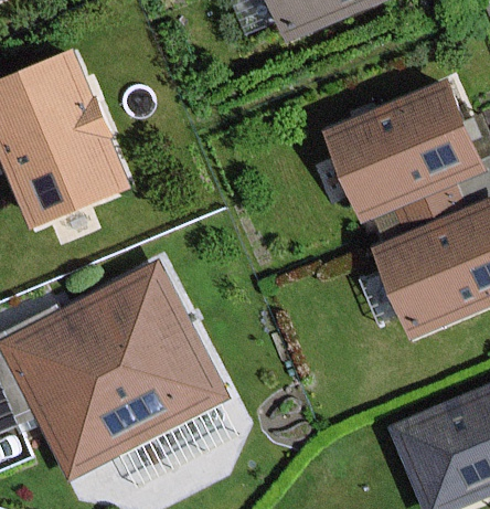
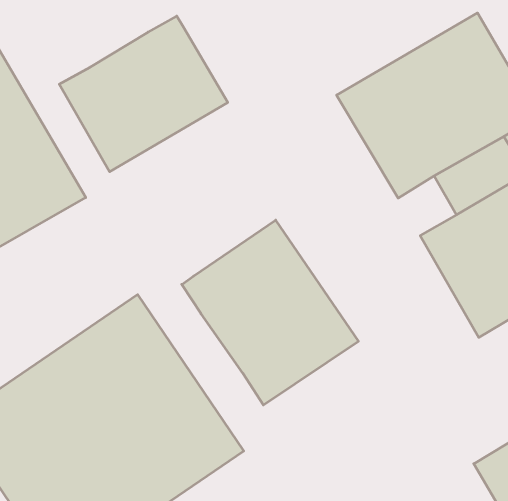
building: none -> [59,16,228,172]
building: none -> [182,220,358,405]

